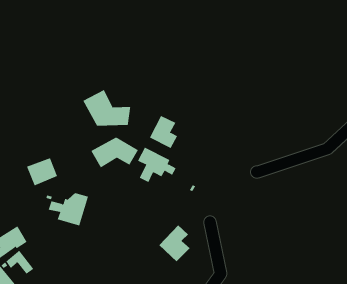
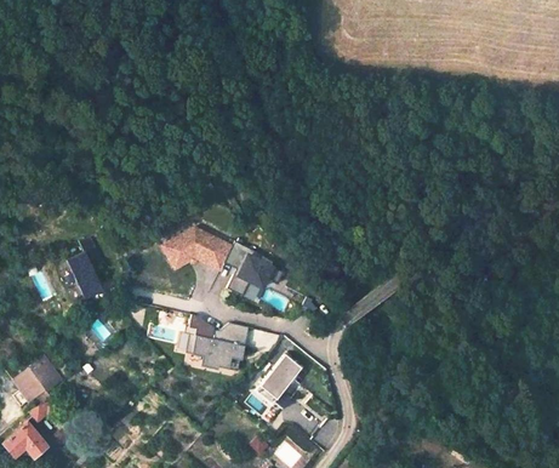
building: [83,89,131,127] -> none
building: [149,115,178,149] -> none
building: [46,193,89,226] -> [187,323,251,372]

